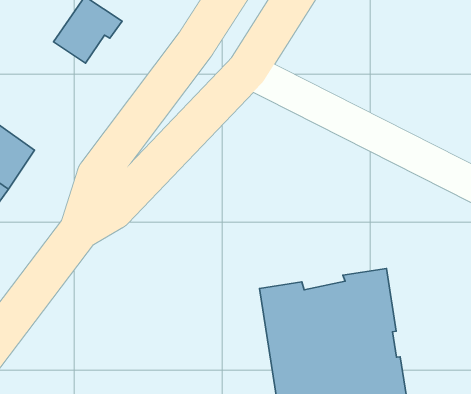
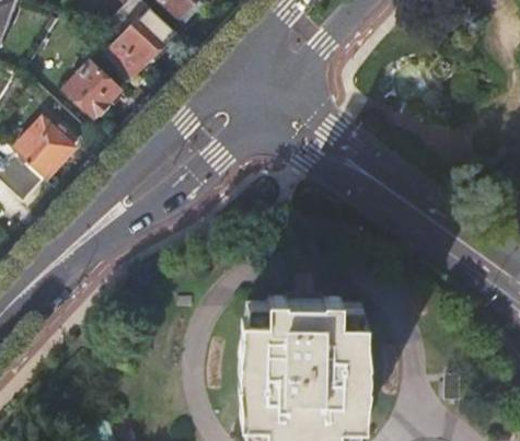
building: none -> [63,61,119,118]

